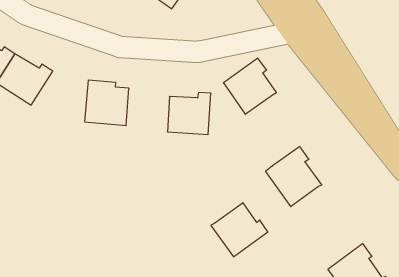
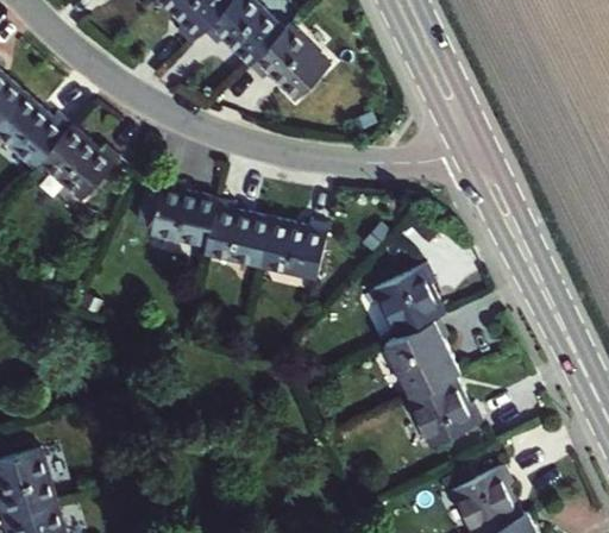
building: [223,58,276,114] -> [373,262,444,336]
building: none -> [205,197,271,265]
building: [211,203,268,257] -> [406,374,482,445]

